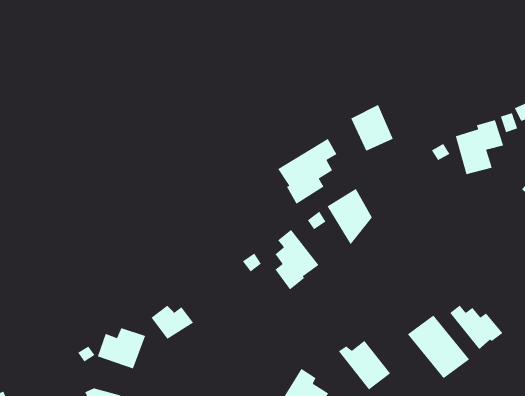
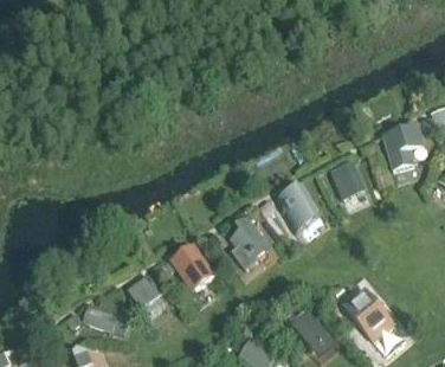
building: [350,104,394,152] -> [330,159,367,199]
building: [277,138,337,205] -> none
building: none -> [175,250,213,292]
building: [449,305,504,350] -> none

